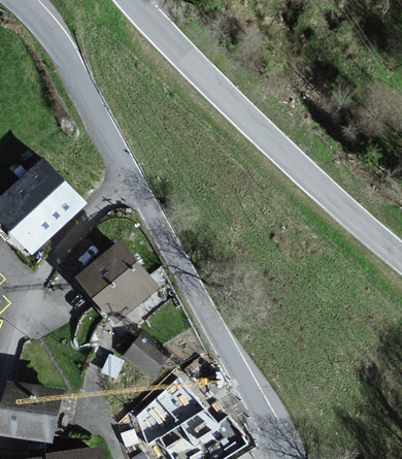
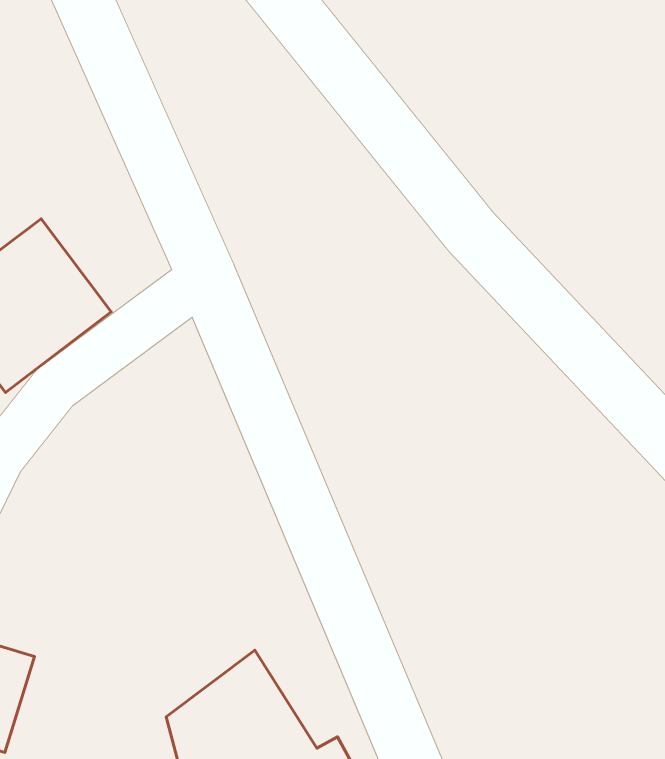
building: [76,242,155,321] -> none
building: [126,335,168,376] -> none

